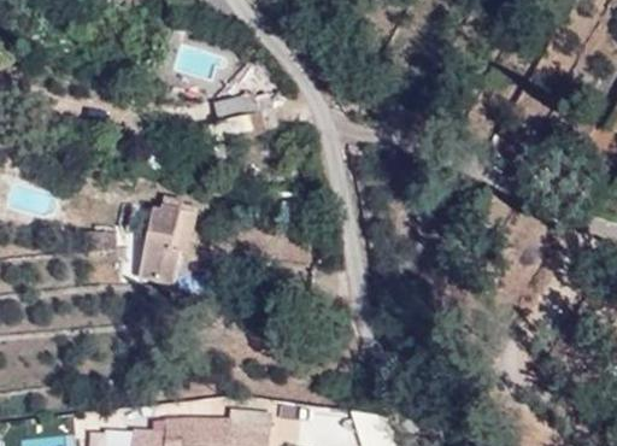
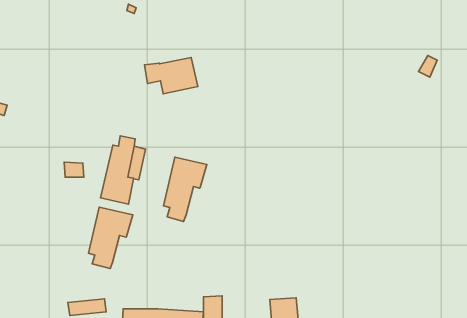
building: none -> [164,157,207,221]
building: none -> [88,207,133,269]

